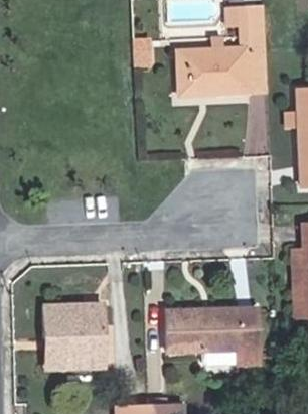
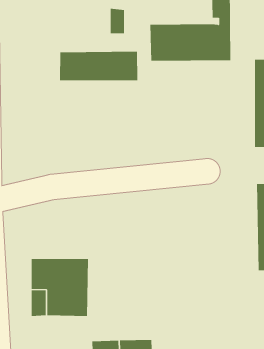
building: none -> [60,51,138,81]
building: [150,315,248,376] -> none

